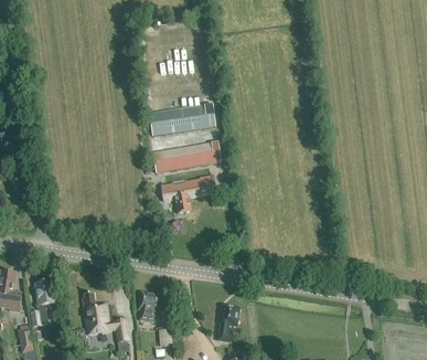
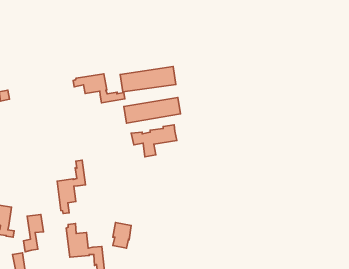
building: none -> [73,74,125,103]
building: none -> [57,160,85,213]
building: [216,306,238,338] -> none

